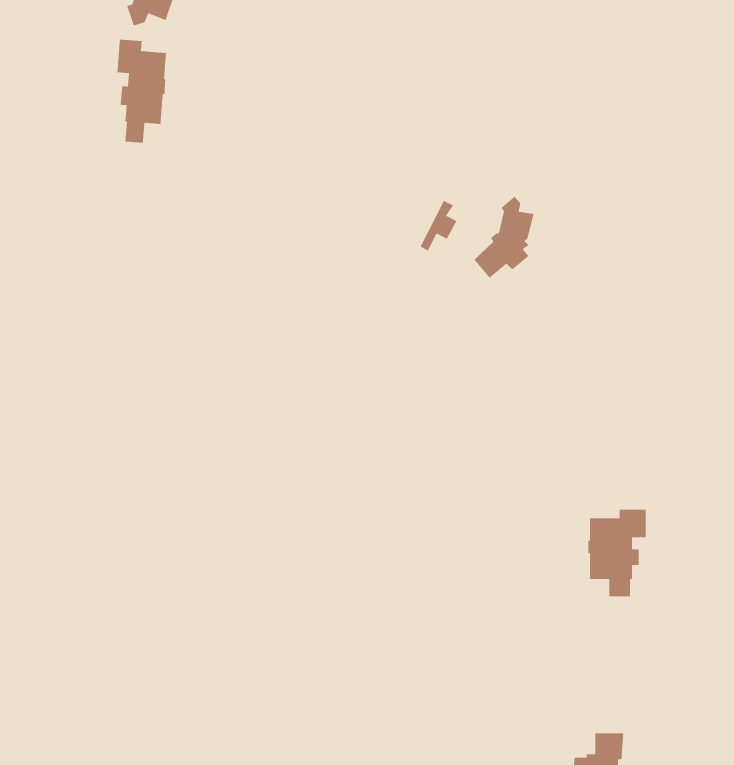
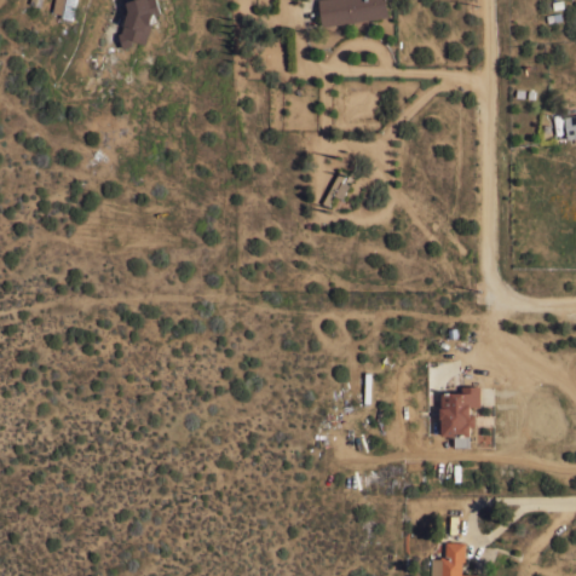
building: [116,39,167,144] -> none
building: [473,196,534,279] -> none

